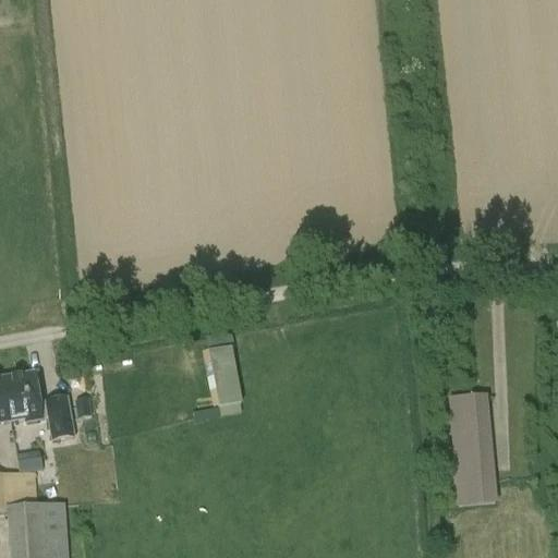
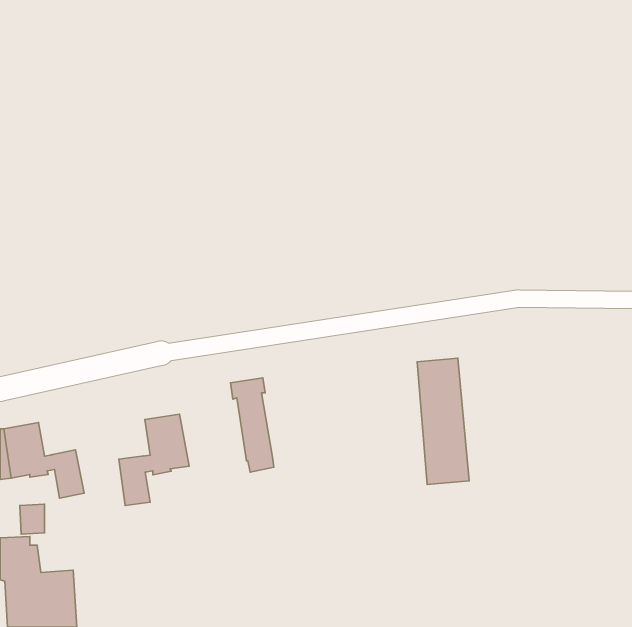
building: none -> [119,414,189,506]
building: [450,395,496,506] -> [417,358,469,485]

